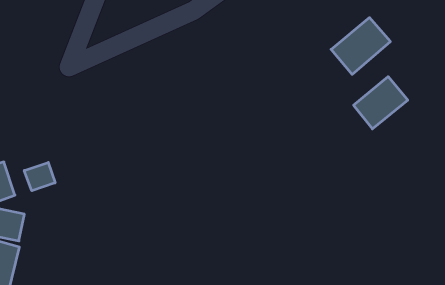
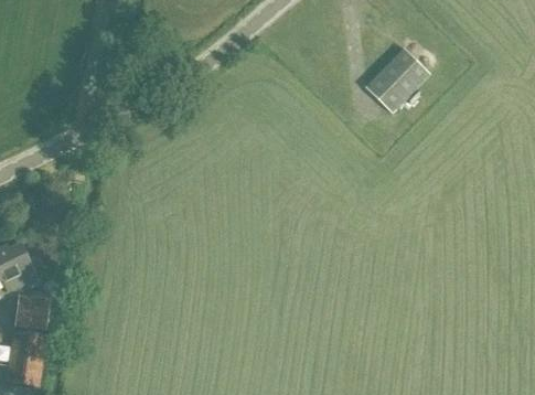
building: [354,77,408,129] -> none
building: [24,162,55,191] -> none

